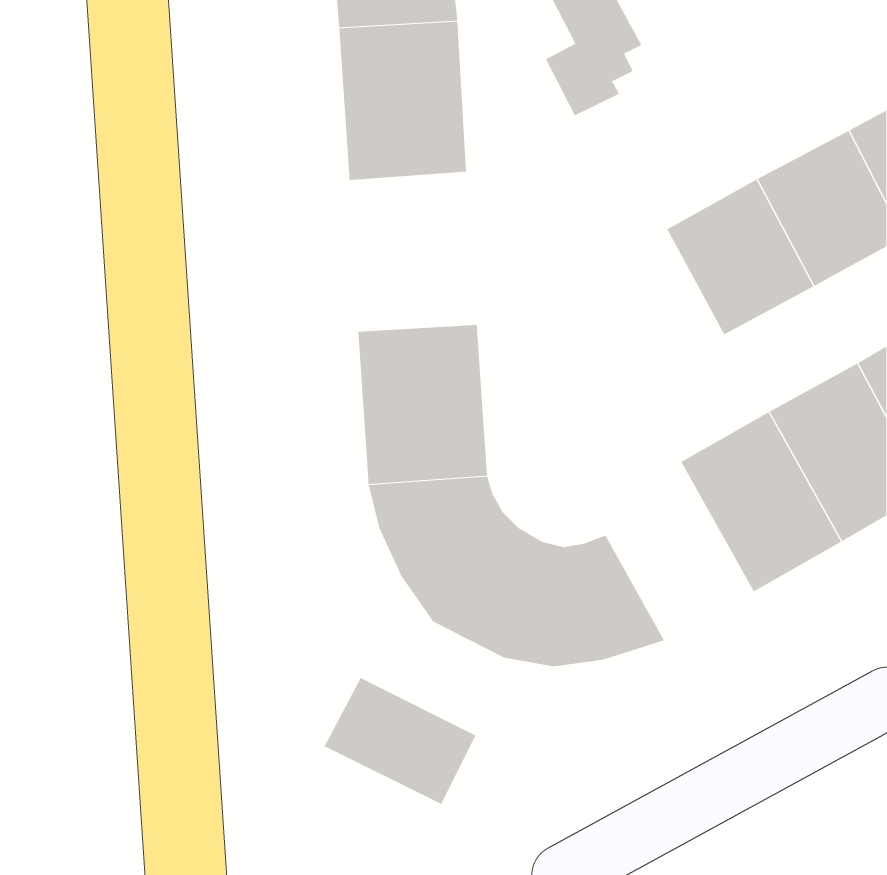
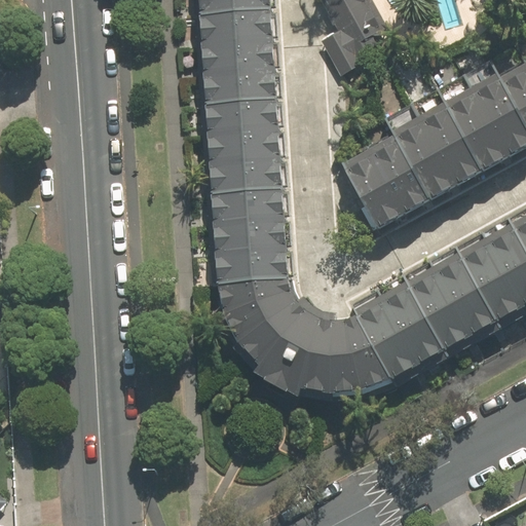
building: none -> [206,102,283,196]
building: none -> [340,136,428,227]
building: none -> [350,273,446,379]
building: [324,677,476,805] -> none

